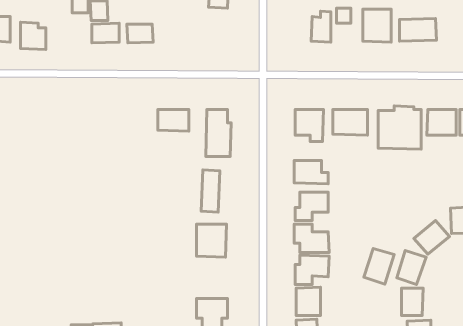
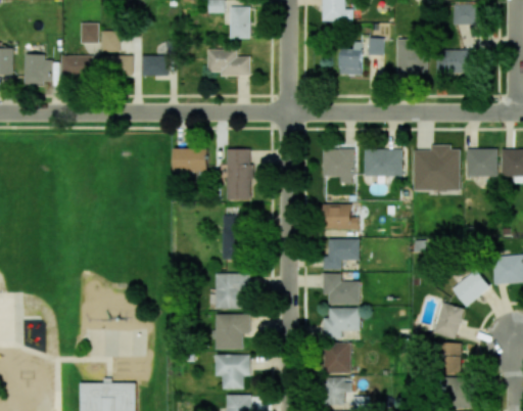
building: none -> [208,50,250,77]
building: none -> [61,56,91,78]
building: [364,248,394,284] -> none
building: none -> [215,315,249,350]

